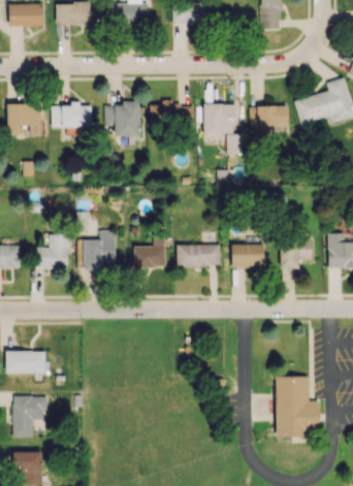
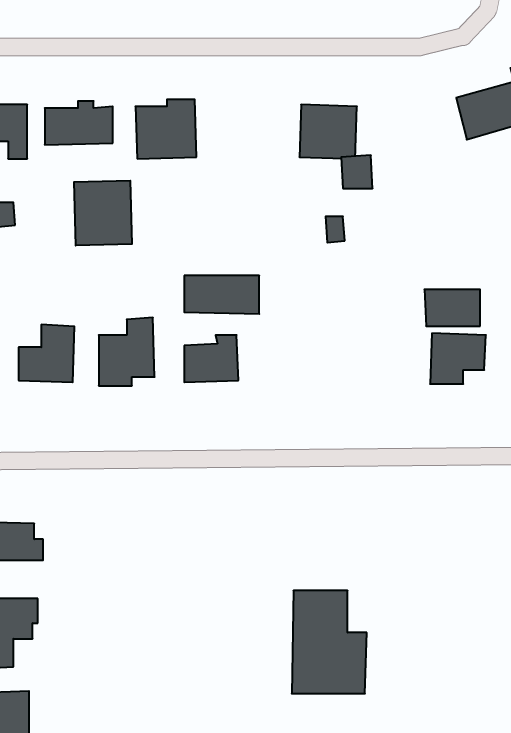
building: [150,100,194,126] -> none
building: [250,106,289,134] -> none
building: none -> [74,181,132,246]
building: [176,245,221,267] -> [184,276,259,314]
building: [231,245,264,266] -> [424,289,480,326]
building: [276,377,320,438] -> [292,591,367,694]

